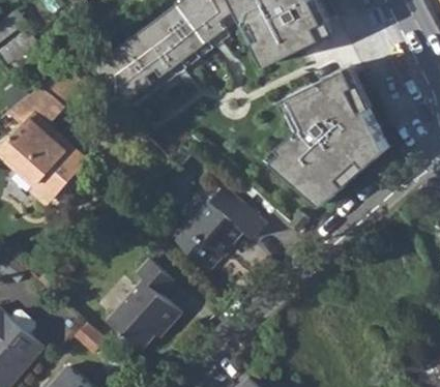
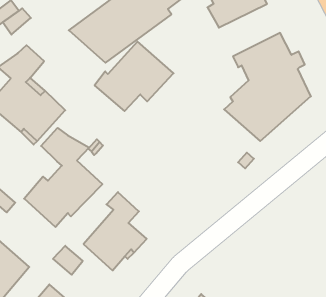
building: none -> [24,128,102,227]
building: [173,186,266,268] -> [95,42,174,111]

